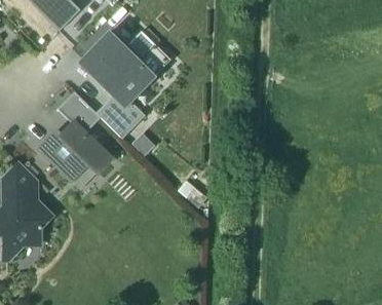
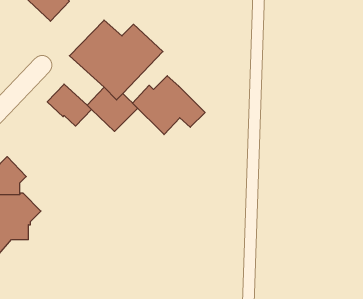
building: [40,122,111,180] -> [132,76,205,135]

